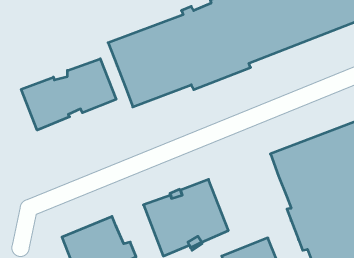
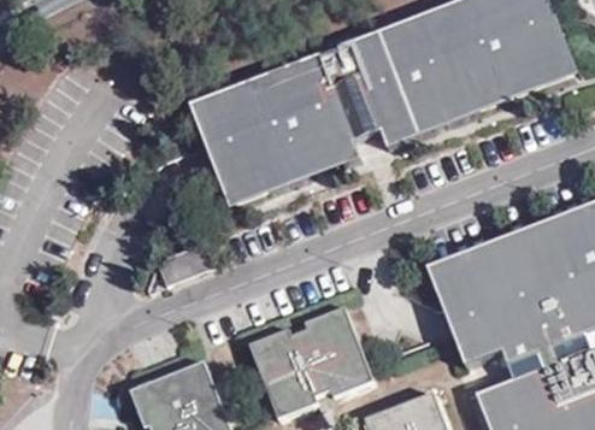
building: [21,59,116,130] -> none

